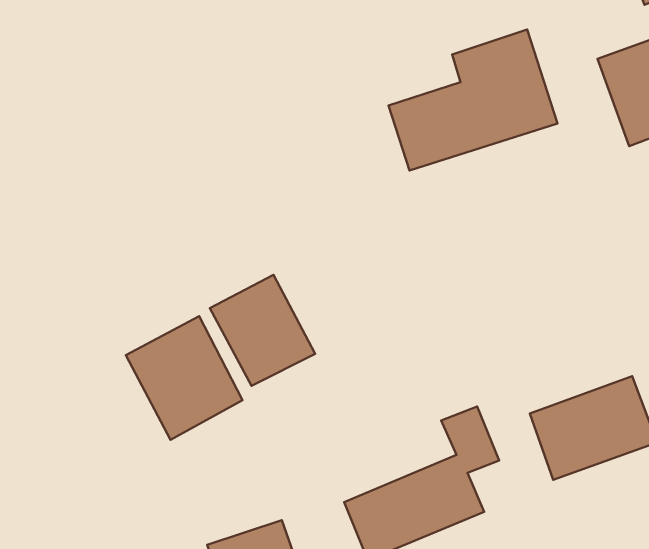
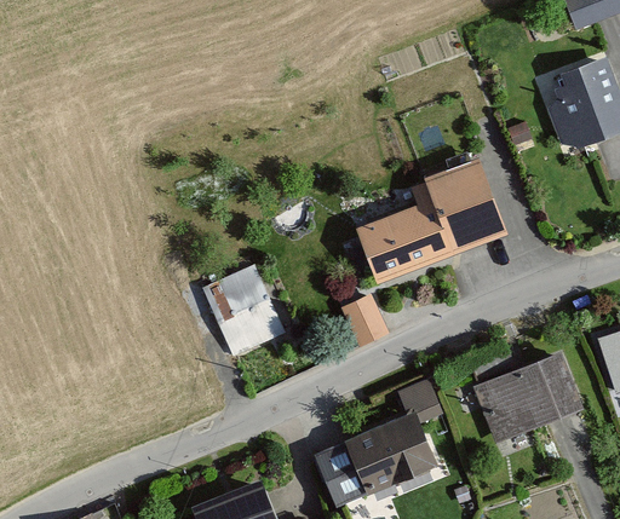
building: [389,29,557,171] -> [360,160,507,283]
building: none -> [339,286,390,341]
building: [126,316,243,440] -> none

